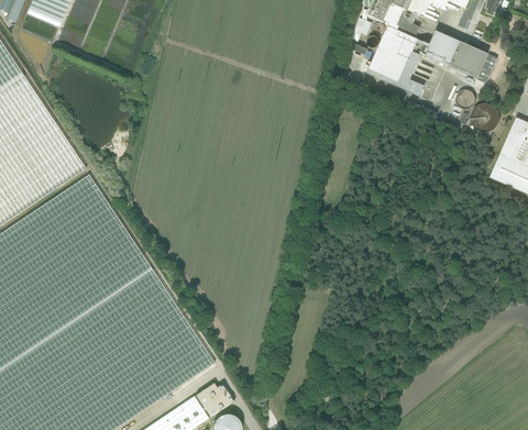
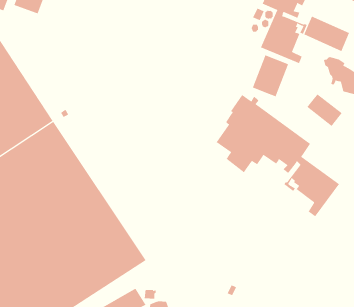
building: none -> [252,54,289,97]
building: none -> [307,93,343,127]
building: none -> [216,94,340,217]

